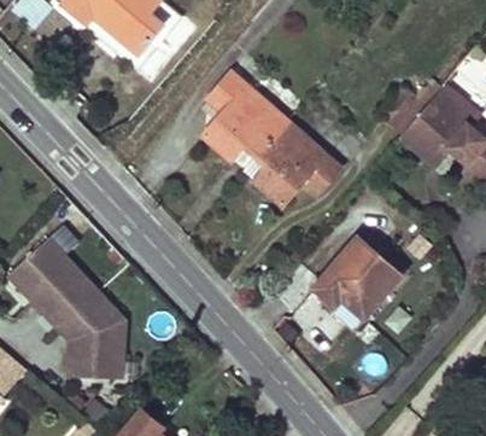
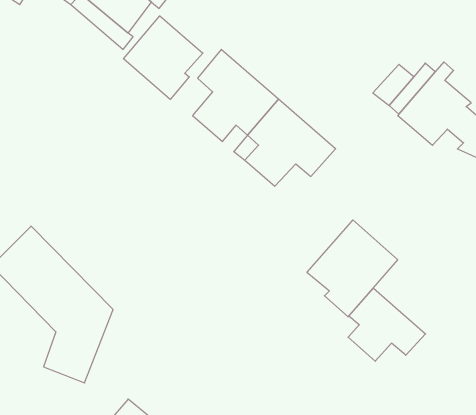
building: none -> [123,16,203,99]
building: none -> [348,288,426,361]

